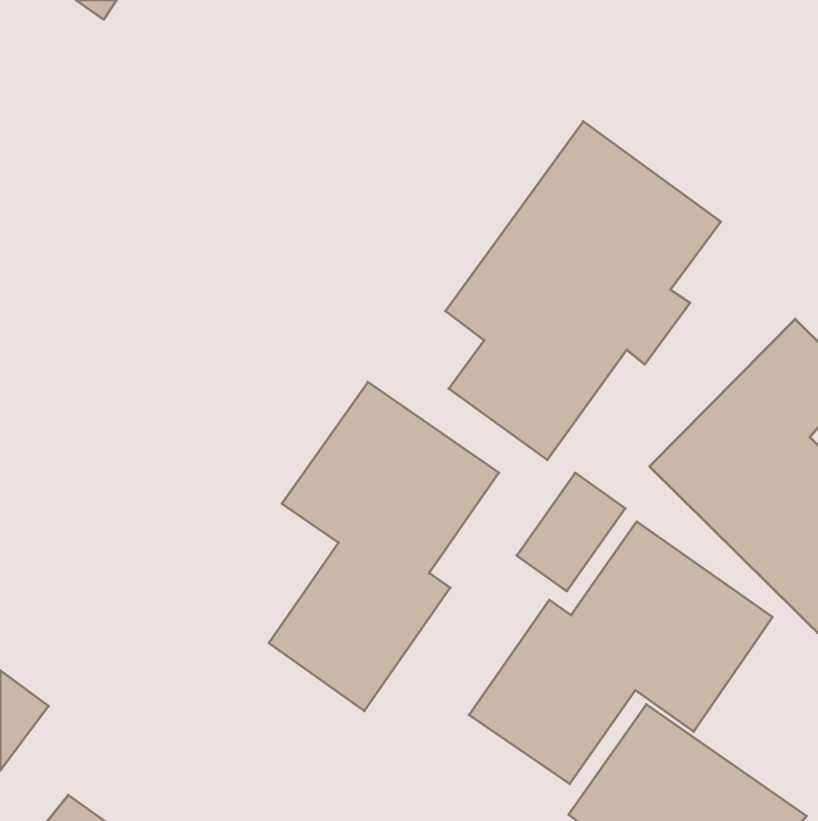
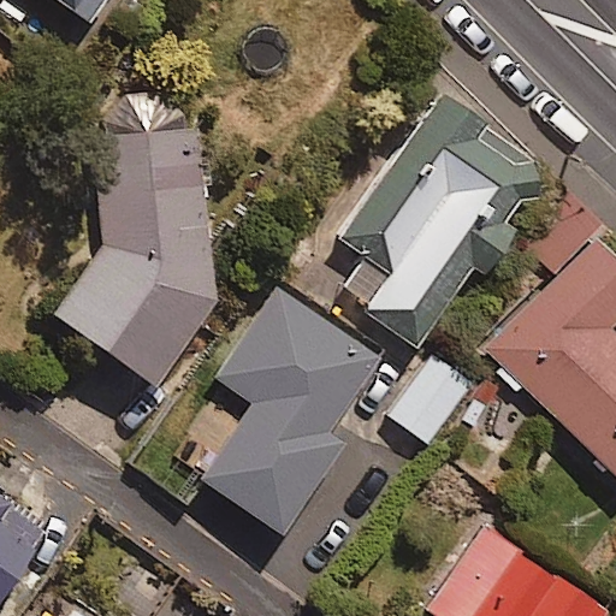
building: none -> [53,130,211,381]
building: [469,522,772,784] -> none

